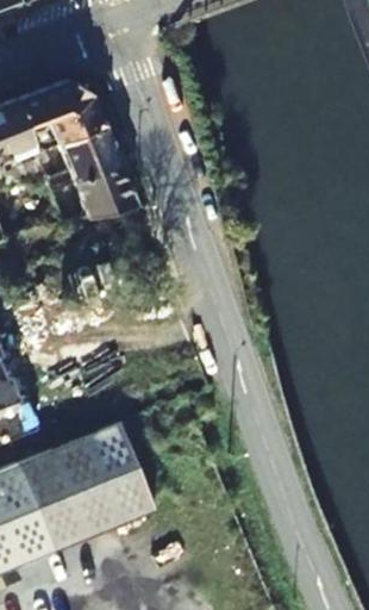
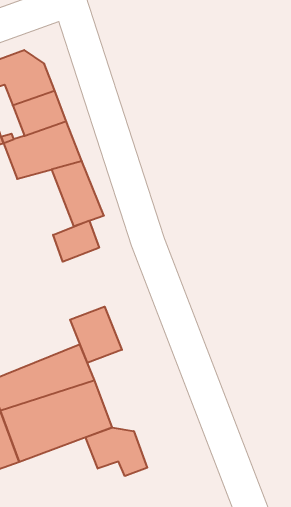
building: none -> [53,221,99,262]
building: none -> [70,307,122,363]
building: none -> [85,428,147,476]

